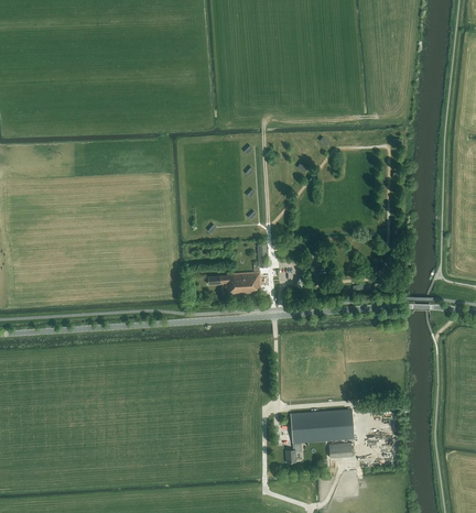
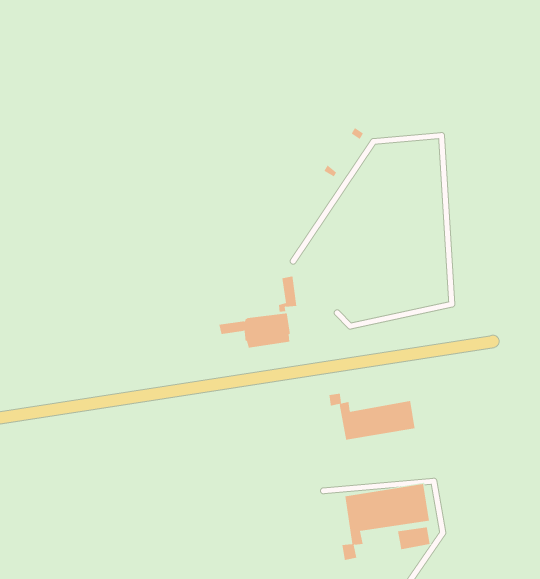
building: none -> [329,393,415,441]

